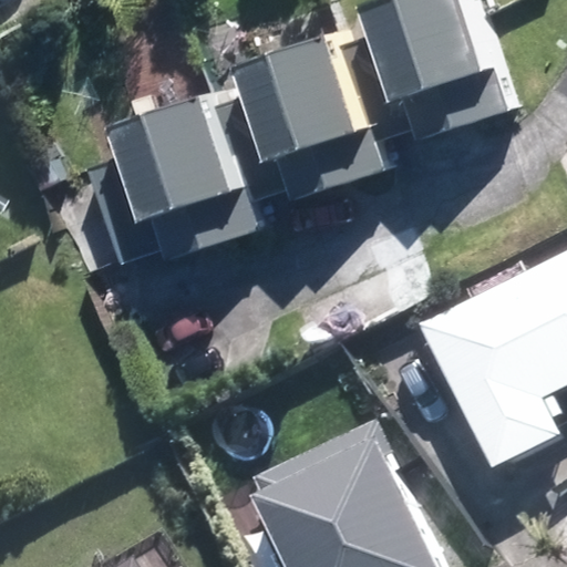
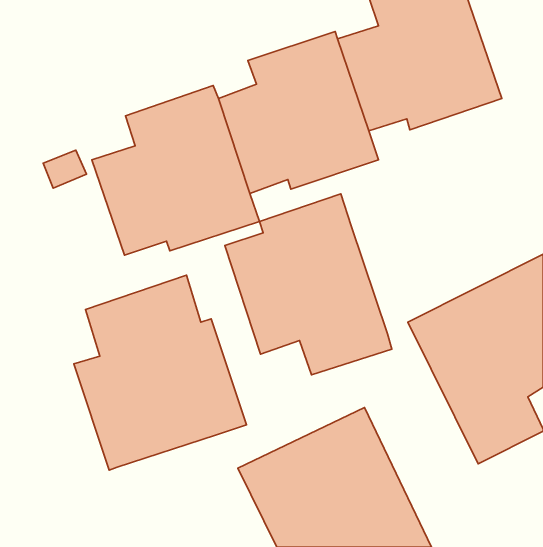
building: none -> [225,194,392,375]
building: none -> [74,275,246,470]

